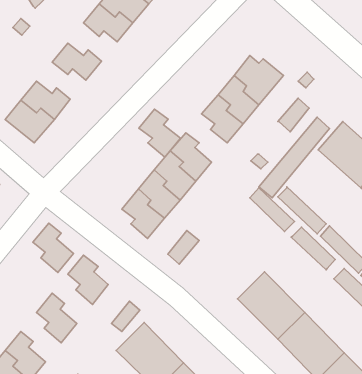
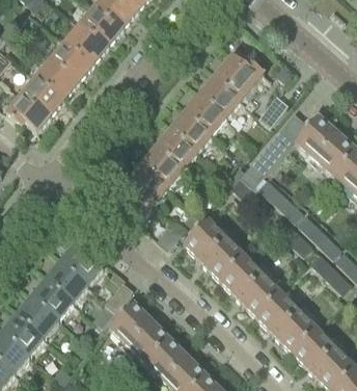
building: none -> [63,24,109,59]
building: none -> [34,60,80,95]
building: [139,109,180,157] -> [172,108,211,153]
building: [33,223,73,272] -> [49,257,86,303]
building: none -> [183,217,245,280]
building: none -> [20,292,57,338]

